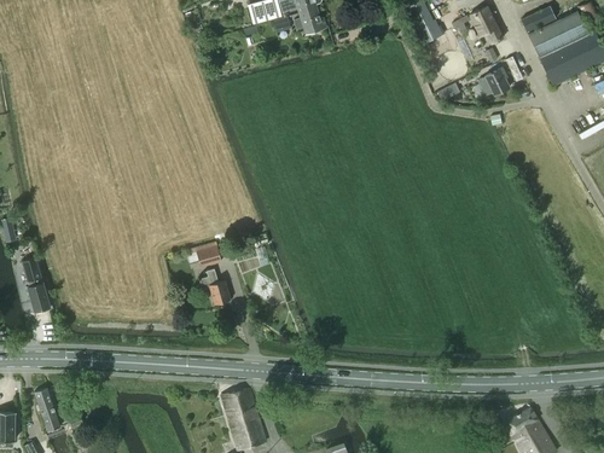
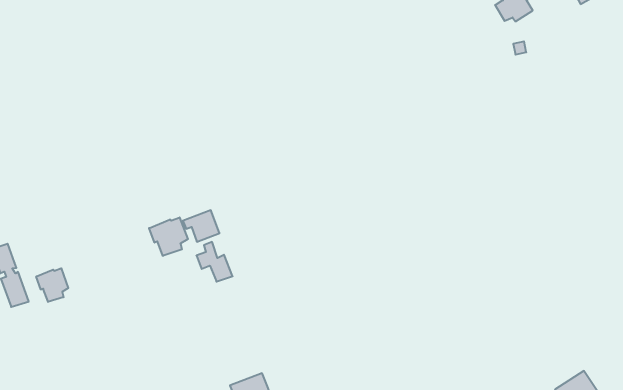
building: none -> [149,217,188,256]
building: none -> [36,268,68,302]

